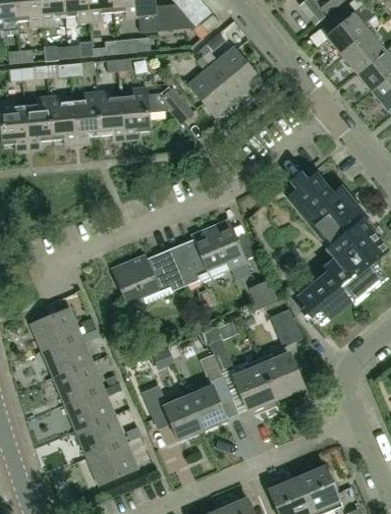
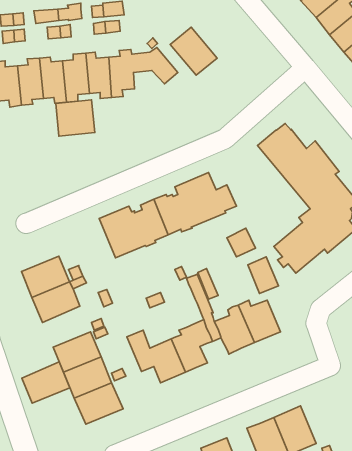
building: [202,45,261,97] -> none
building: none -> [56,100,95,136]
building: [52,359,103,403] -> [22,362,70,403]

